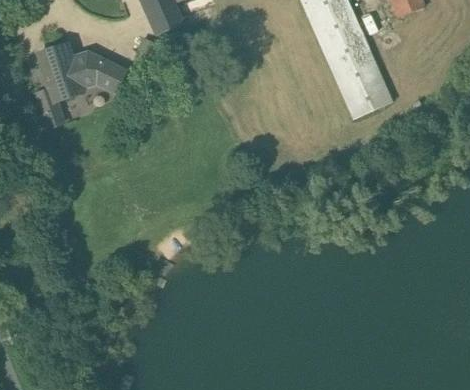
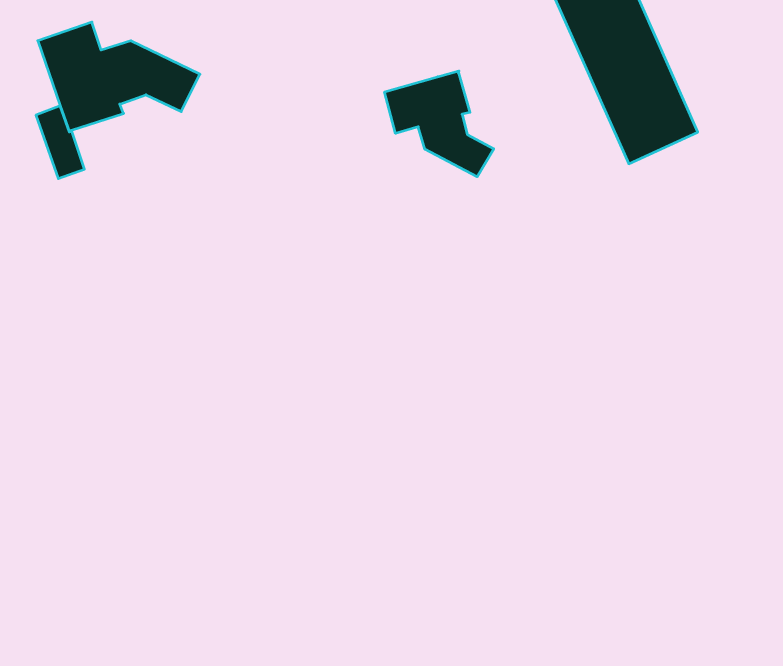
building: none -> [385,71,494,177]

